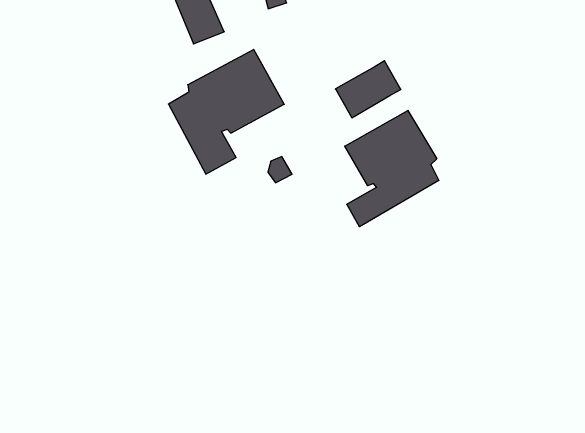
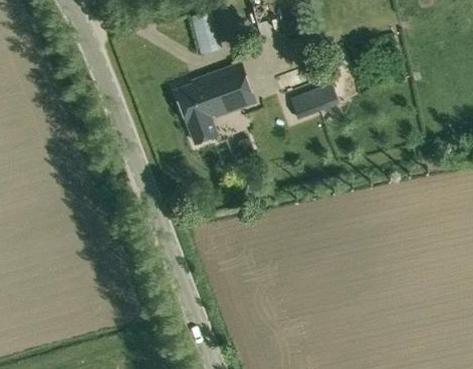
building: [345,110,439,227] -> none

